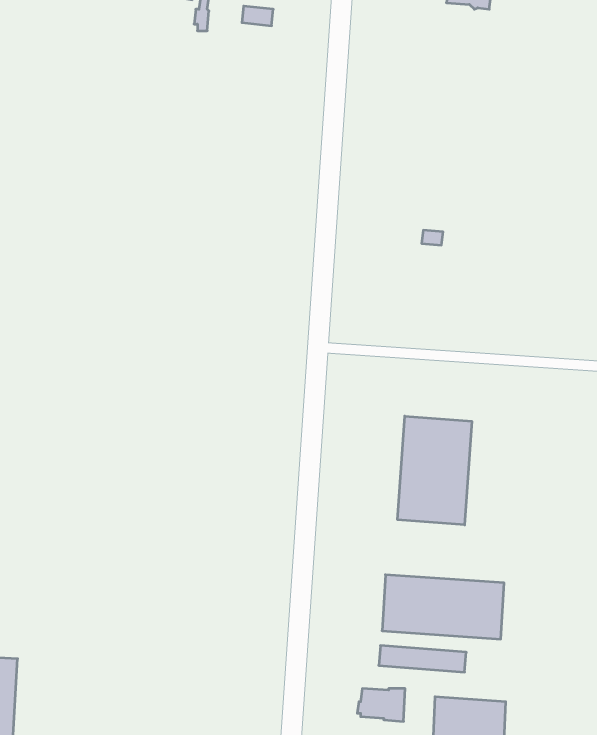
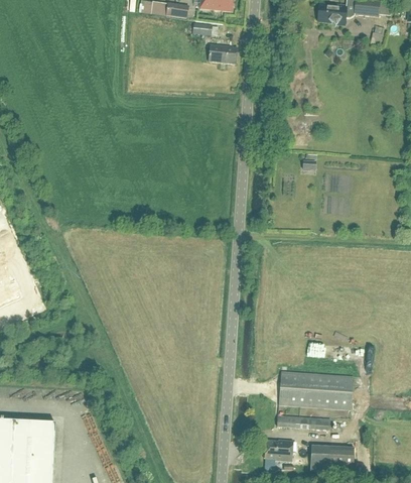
building: none -> [207,43,236,63]
building: [398,416,472,525] -> none

